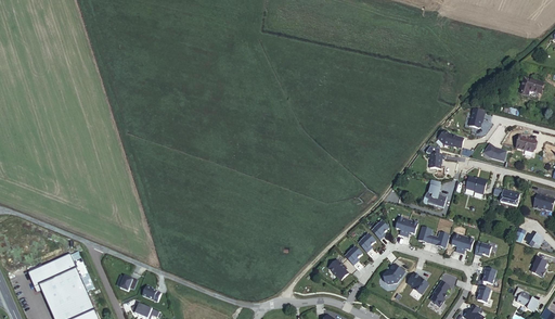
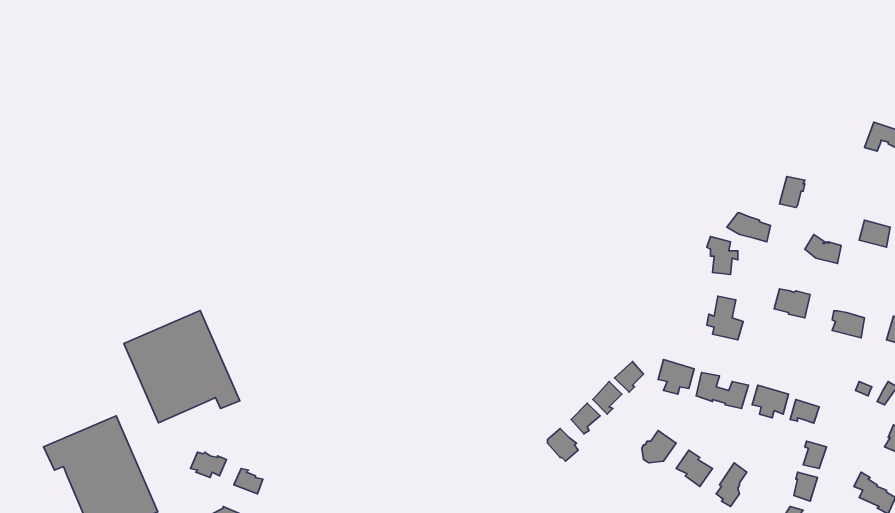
building: none -> [124,311,240,423]

